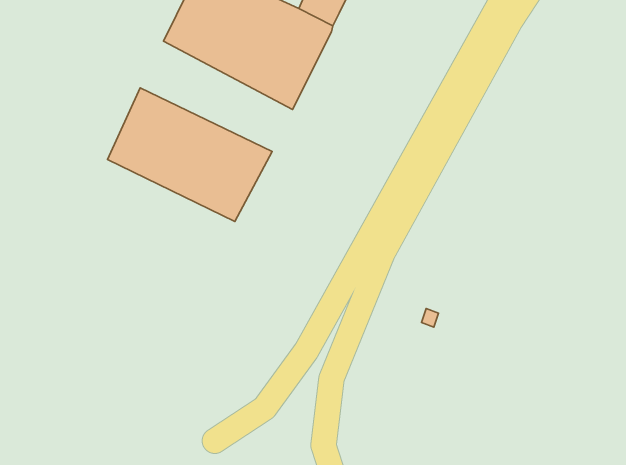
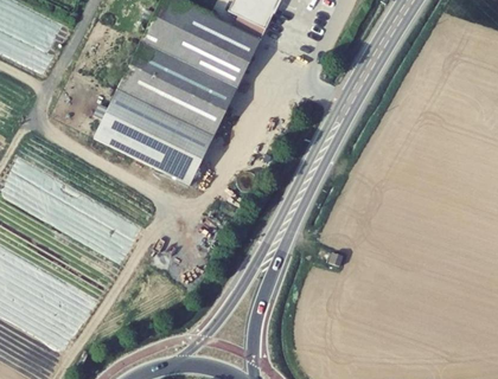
building: none -> [115,49,231,133]

